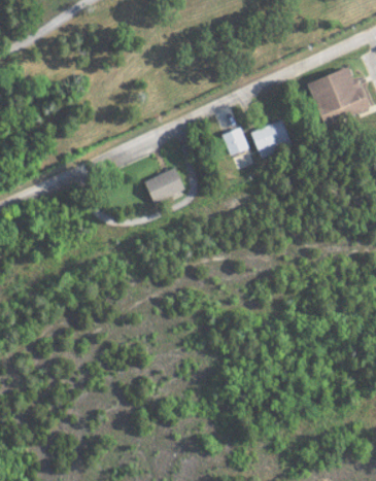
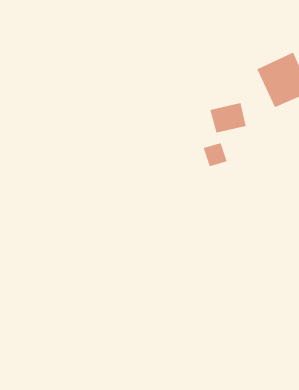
building: [221,127,249,154] -> [203,143,227,167]
building: [141,169,181,203] -> none

